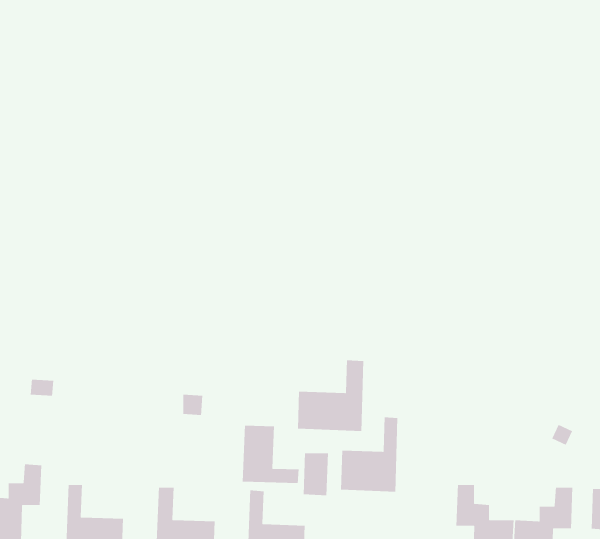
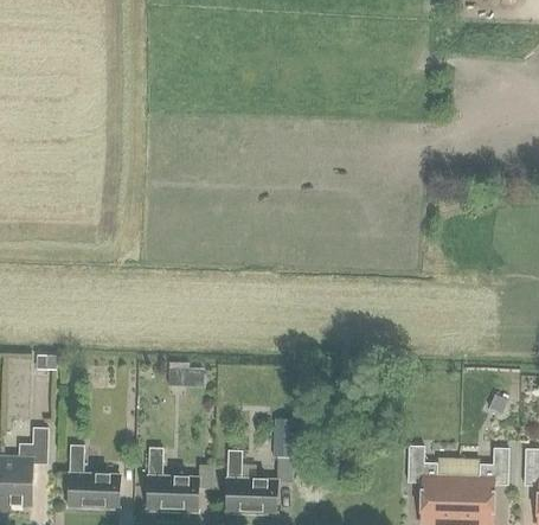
building: [297,359,364,432] -> none
building: [340,417,398,493] -> none
building: [242,425,299,484] -> none

